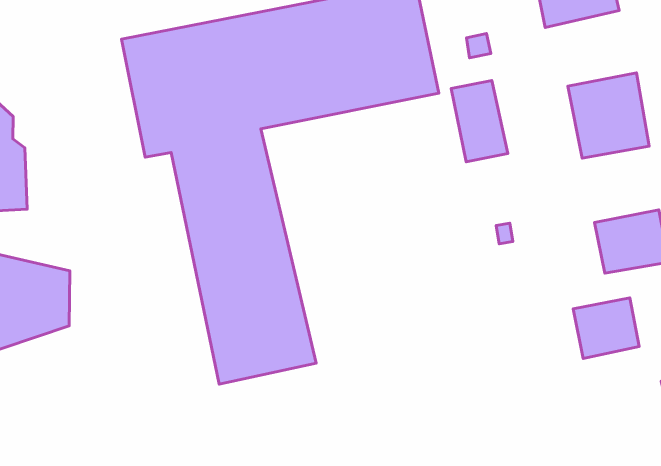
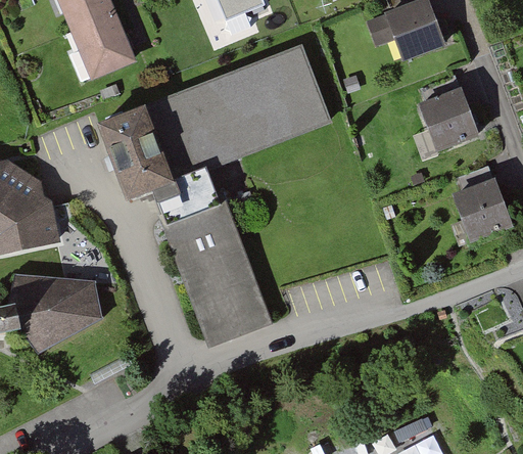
building: [451,81,508,162] -> none
building: [573,298,639,359] -> none

